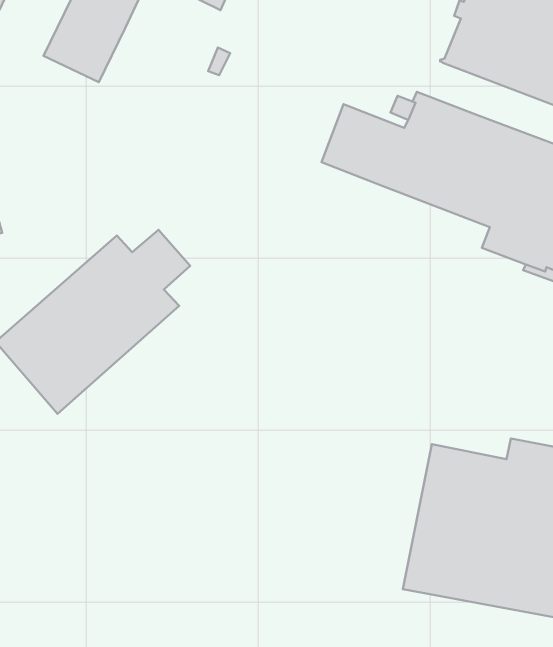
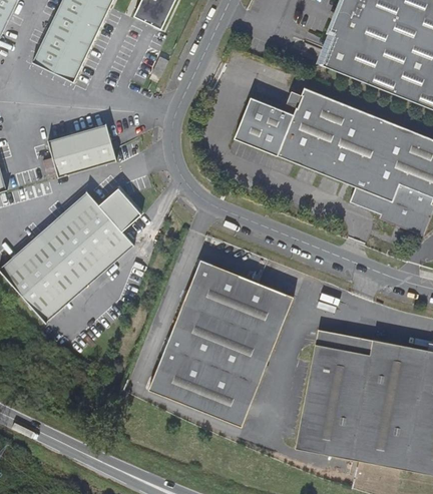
building: none -> [41,125,114,177]
building: none -> [148,260,294,427]
building: none -> [315,330,372,355]

